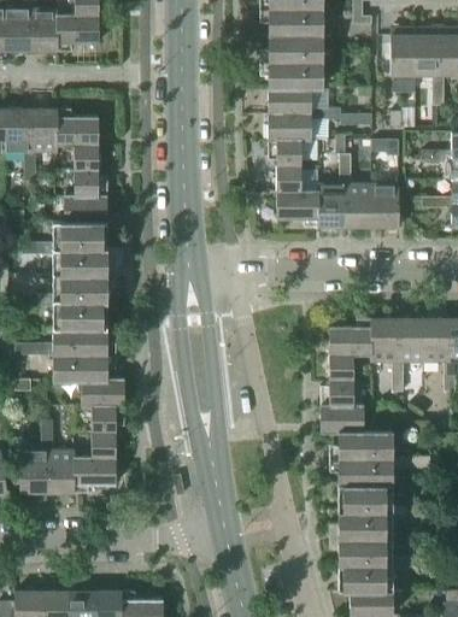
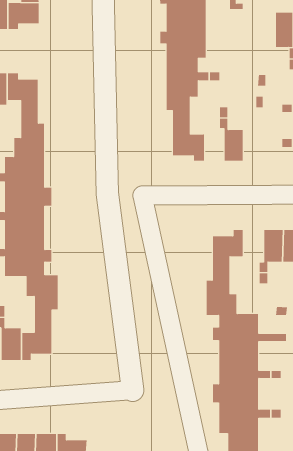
building: [391,28,413,75] -> none
building: [317,183,345,227] -> none
building: [371,184,398,227] -> none
building: [371,318,398,362] -> none

